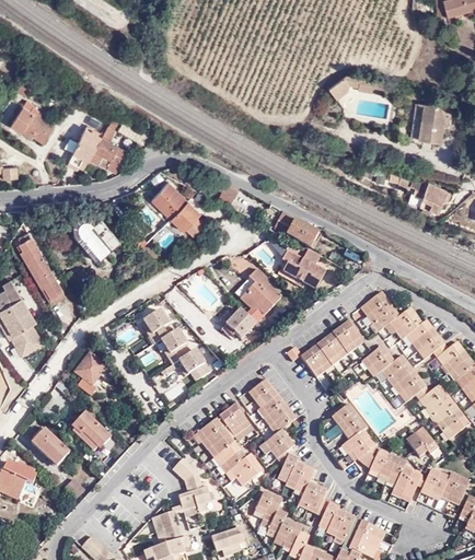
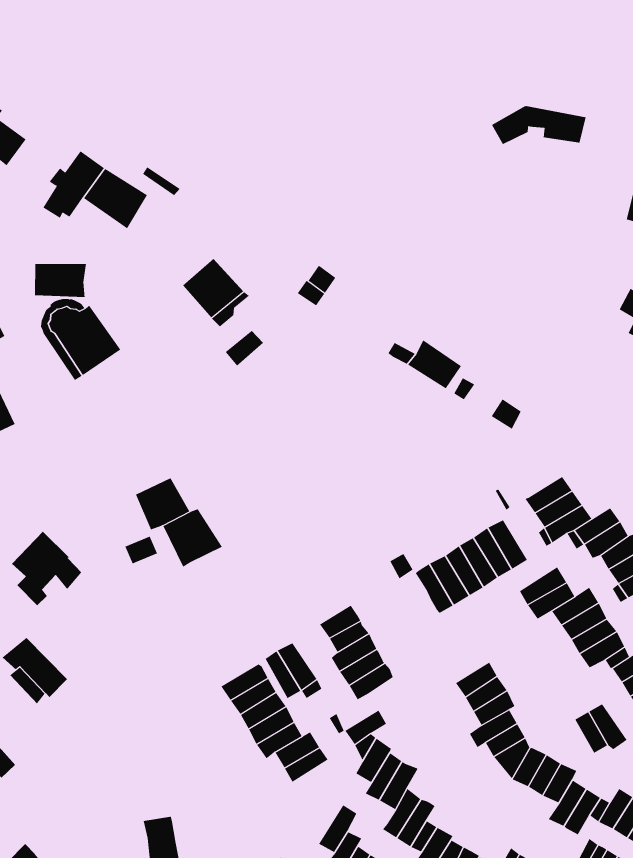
building: none -> [34,263,87,298]
building: [281,250,324,289] -> none
building: [235,271,283,317] -> none
building: [219,314,252,346] -> none
building: [172,346,215,386] -> none
building: [174,456,213,511] -> none

